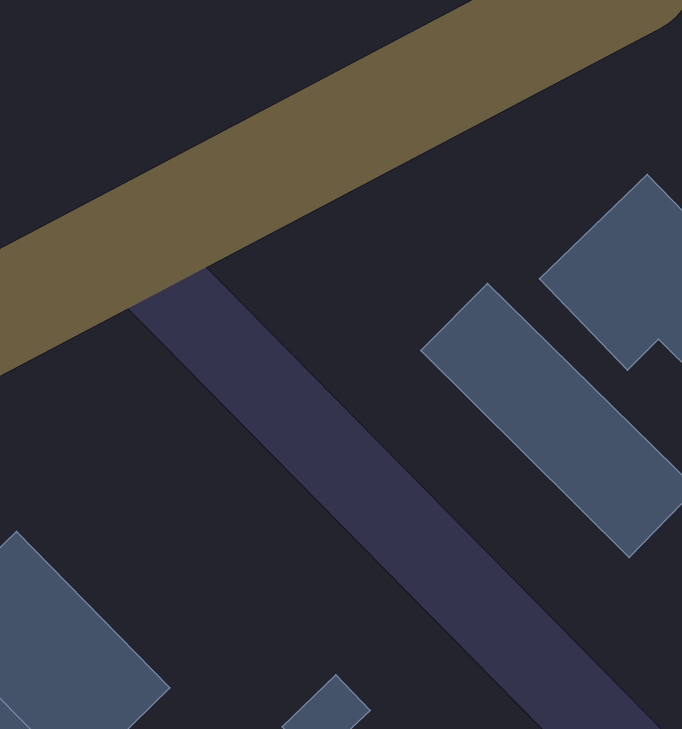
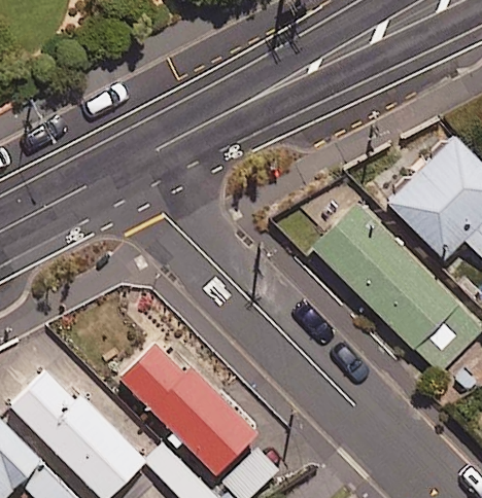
building: none -> [110,332,259,482]

